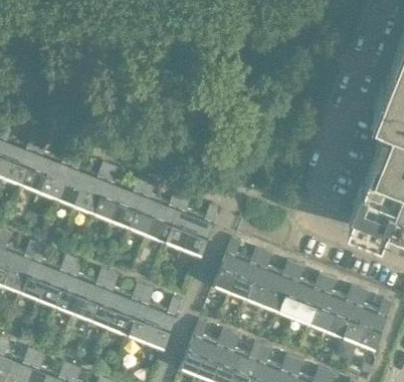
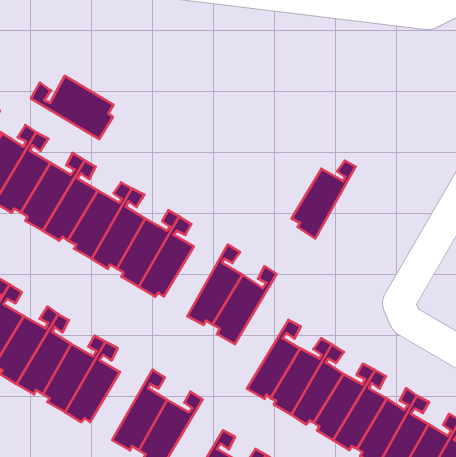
building: none -> [31,76,113,139]
building: [149,190,187,247] -> [292,161,356,238]
building: [112,284,149,339] -> none

